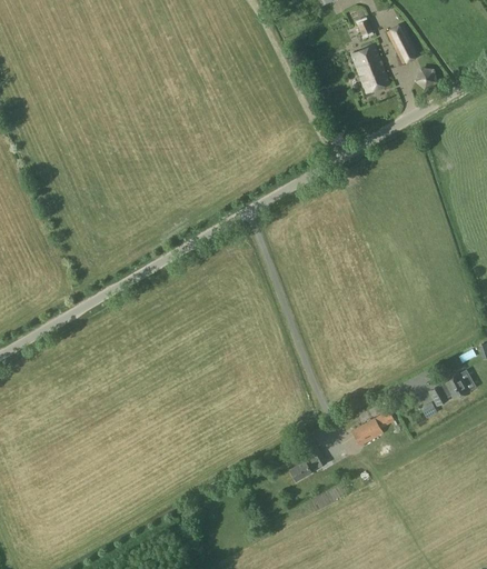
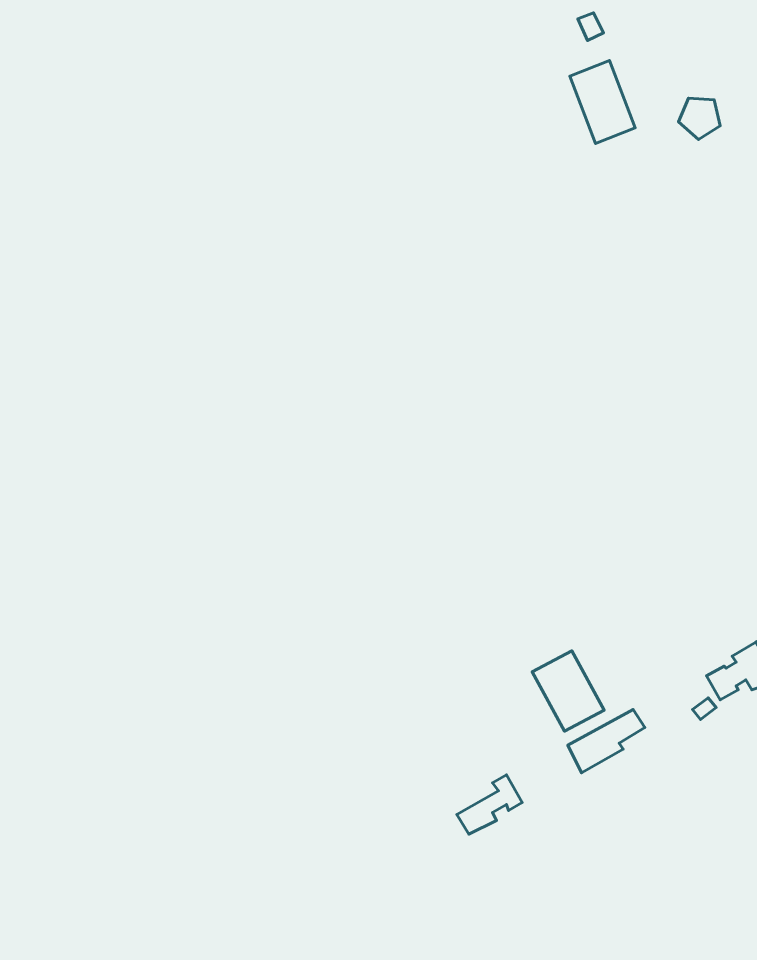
building: [387,24,417,62] -> none
building: none -> [532,651,604,731]

